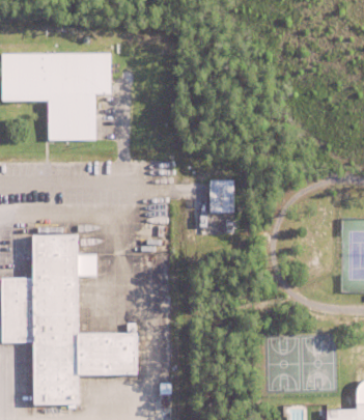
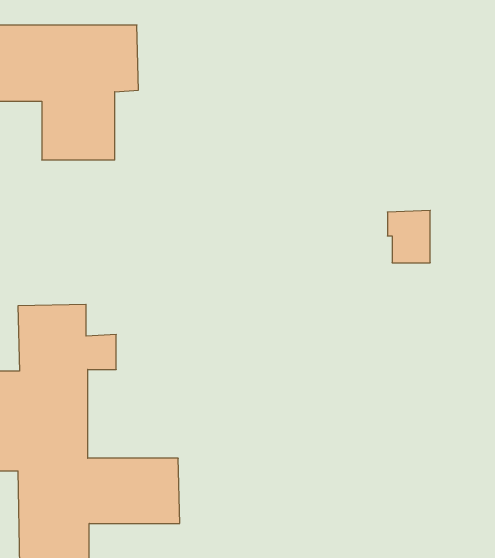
building: [211,184,239,218] -> [387,210,430,263]

